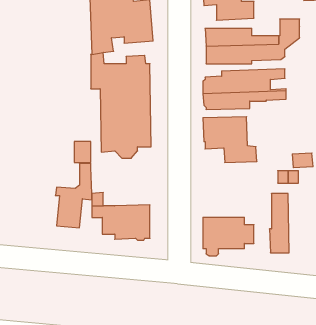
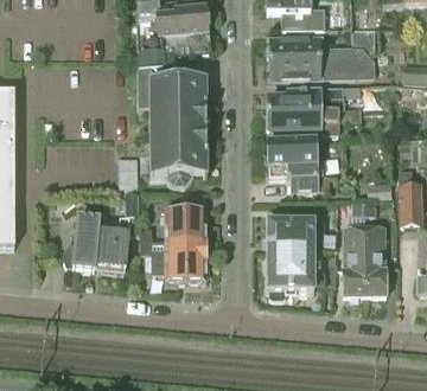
building: none -> [165,209,205,242]
building: none -> [266,211,336,255]
building: none -> [63,216,102,270]
building: none -> [363,226,385,295]

